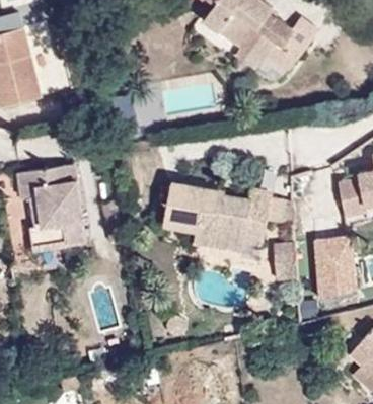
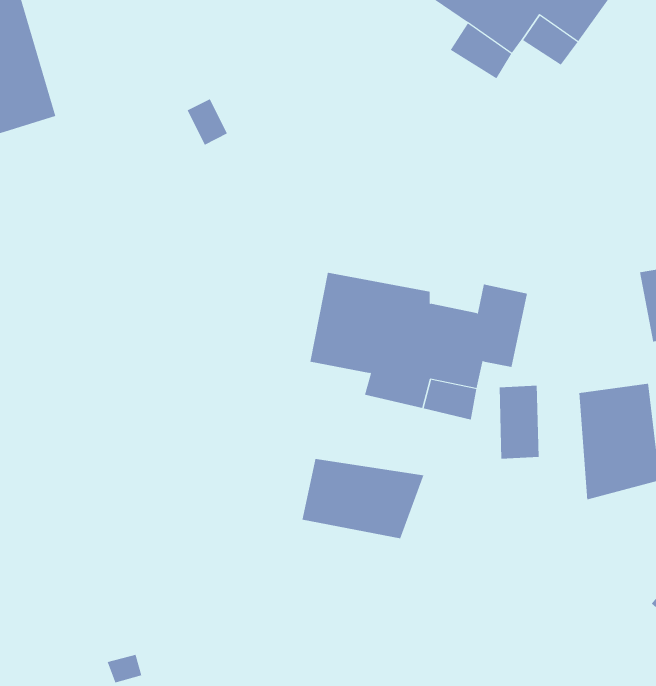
building: [18,167,89,262] -> none
building: none -> [302,458,424,539]

